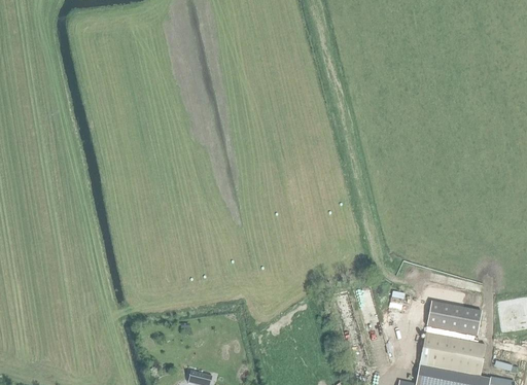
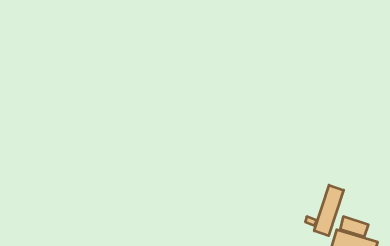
building: none -> [314,185,344,236]

